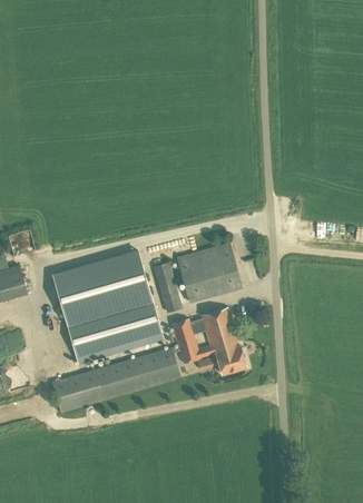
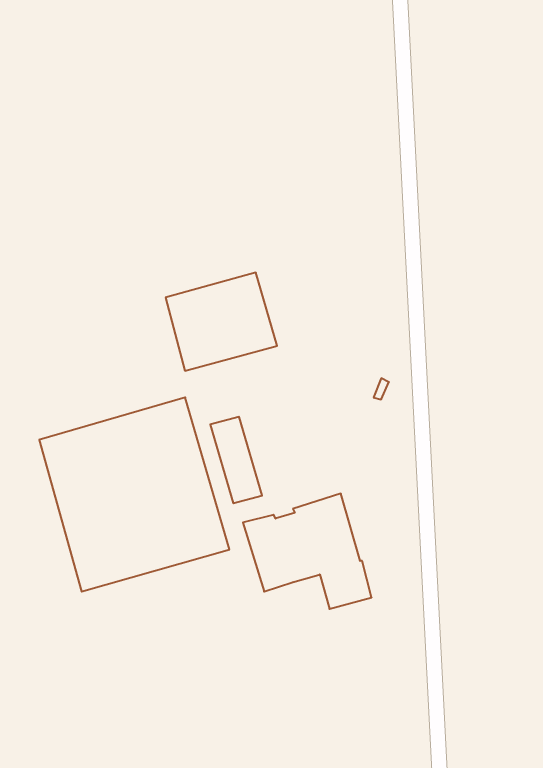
building: [176,243,241,299] -> [166,273,277,371]
building: [50,347,180,413] -> none

